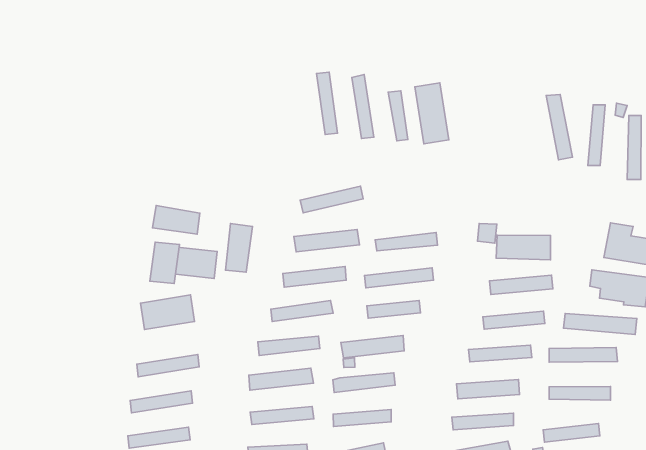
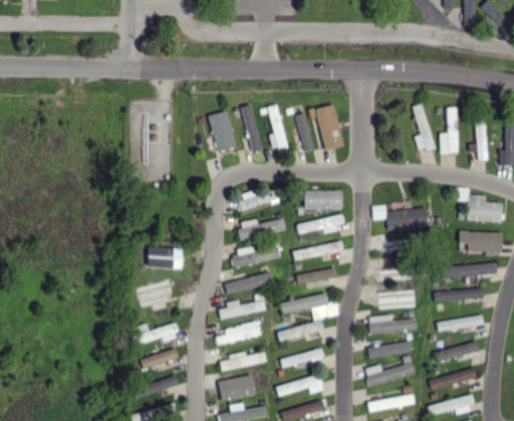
building: none -> [208,112,235,152]
building: none -> [304,191,341,210]
building: [152,206,200,234] -> none
building: [225,223,252,272] -> none

